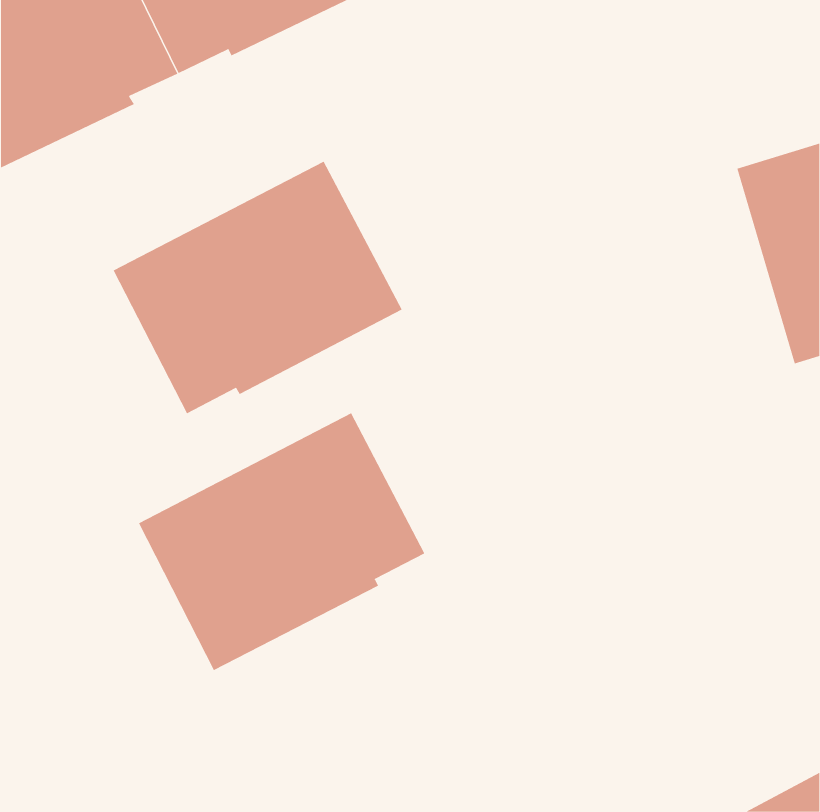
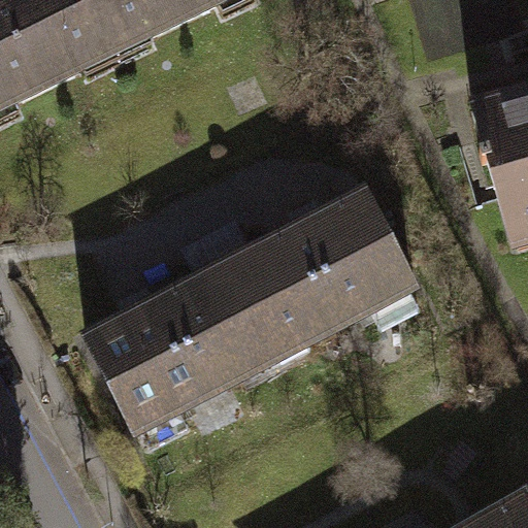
building: [113,161,402,414] -> none
building: none -> [226,194,414,356]

